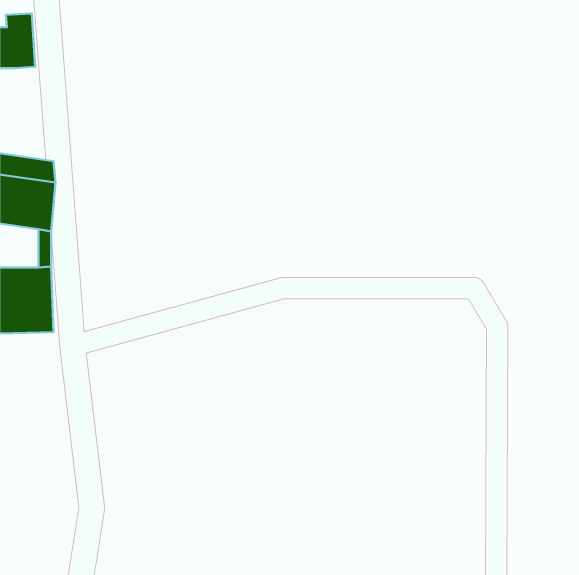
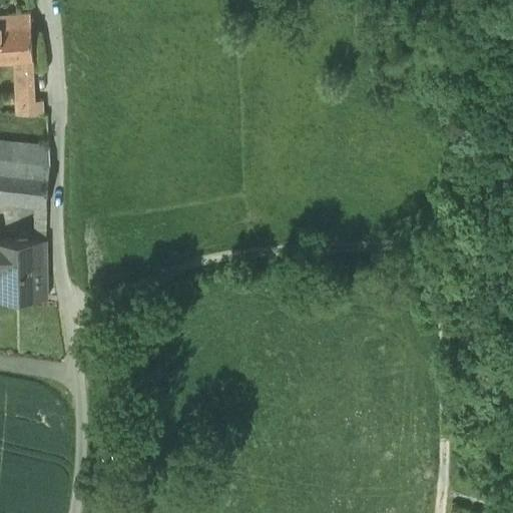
building: none -> [13,63,41,117]

